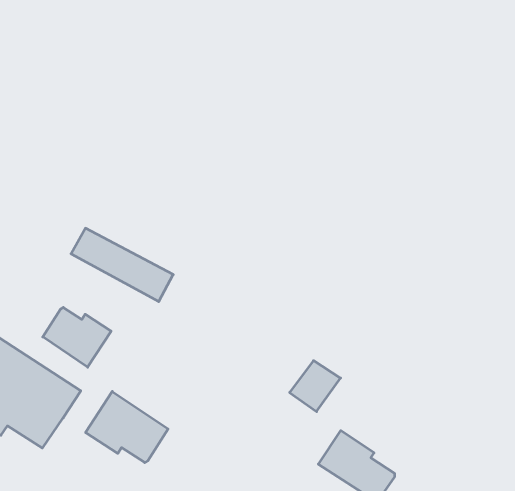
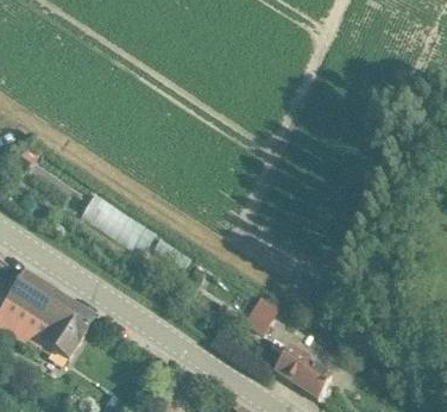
building: [43,307,111,367] -> none
building: [86,391,168,463] -> none

